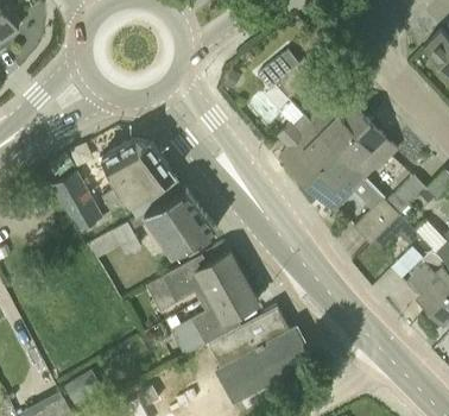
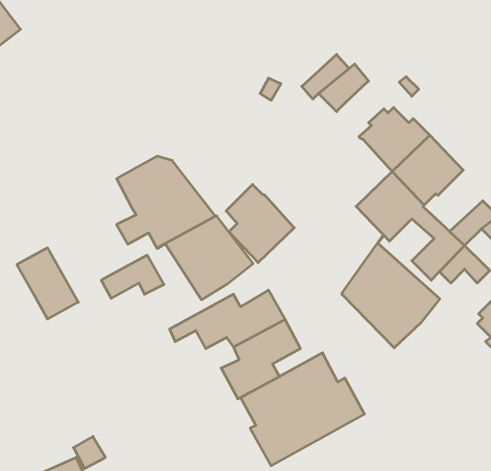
building: [278,116,336,183] -> [226,184,294,263]
building: [50,174,102,234] -> [17,248,78,319]
building: none -> [342,235,440,348]

